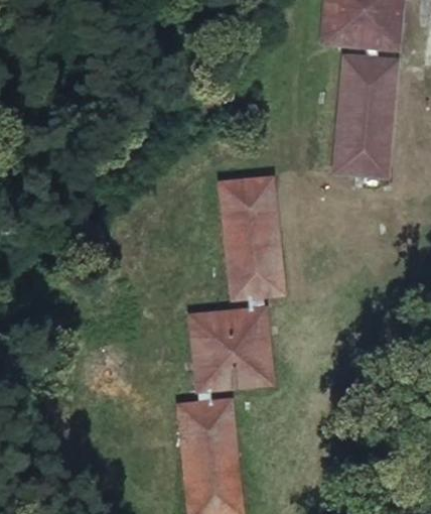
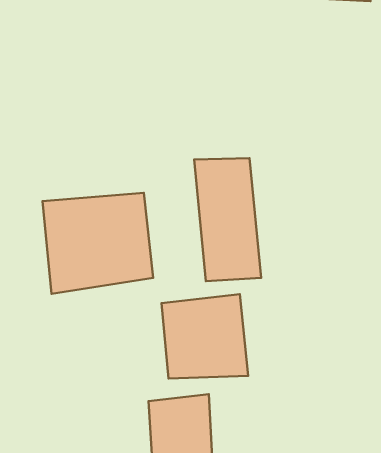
building: [335,52,402,174] -> none
building: none -> [42,193,153,294]

